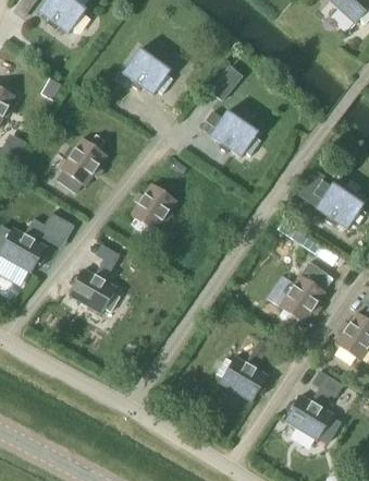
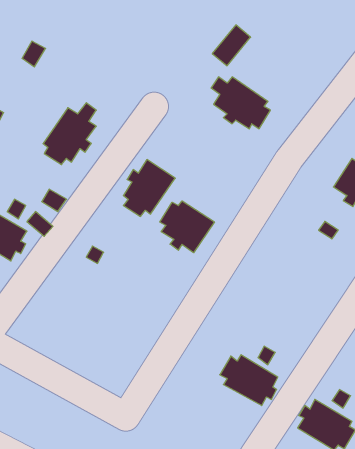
building: [122,47,173,93] -> none
building: none -> [160,201,214,253]
building: [69,267,120,312] -> none
building: [279,274,324,324] -> none

